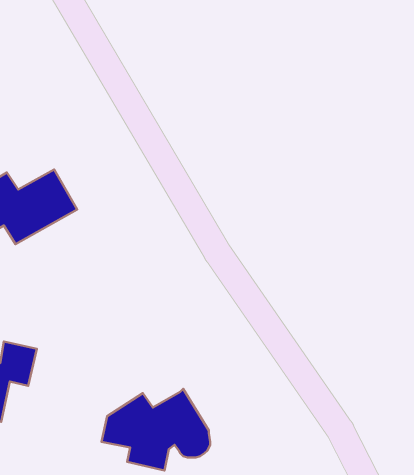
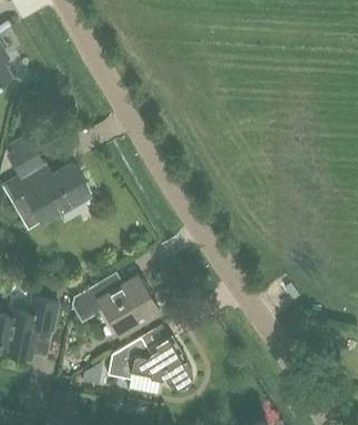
building: none -> [71,276,157,333]

